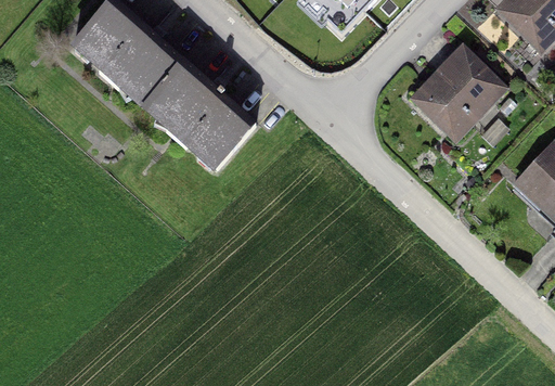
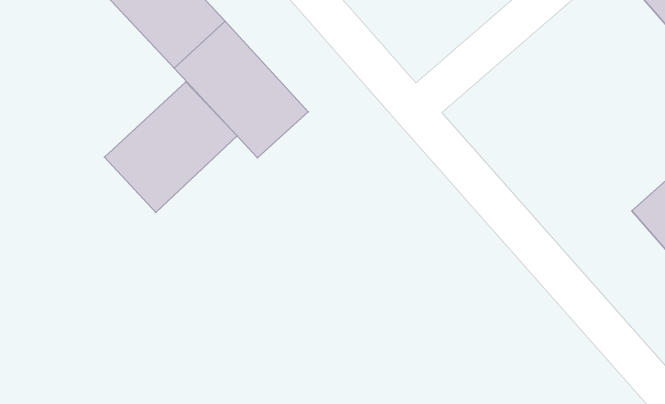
building: [409,42,508,142] -> none
building: none -> [105,82,237,213]

